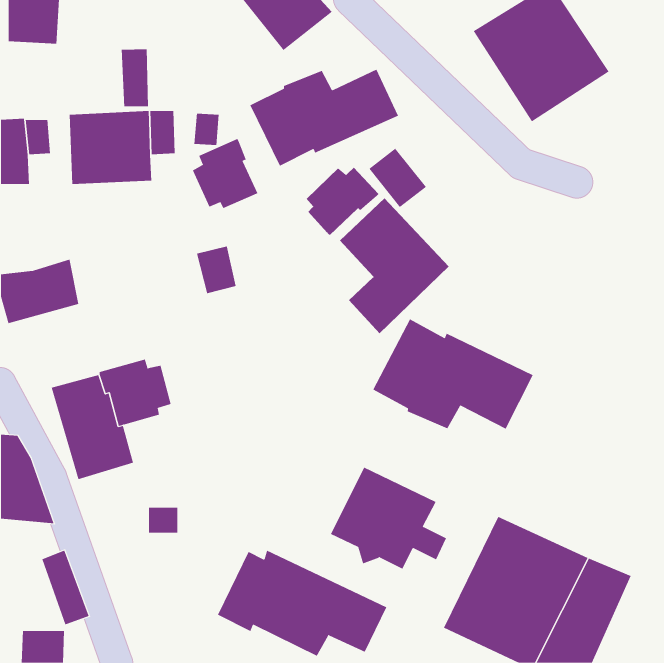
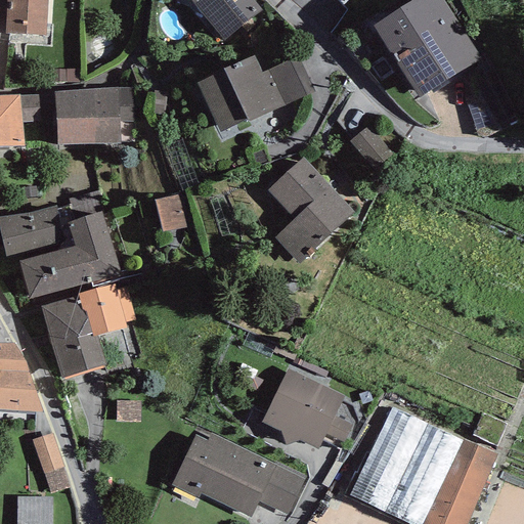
building: [121,48,149,107] -> none
building: [192,138,258,209] -> none
building: [368,148,427,208] -> [348,124,394,171]
building: [306,167,379,236] -> none
building: none -> [19,211,121,298]
building: [373,318,534,430] -> none

